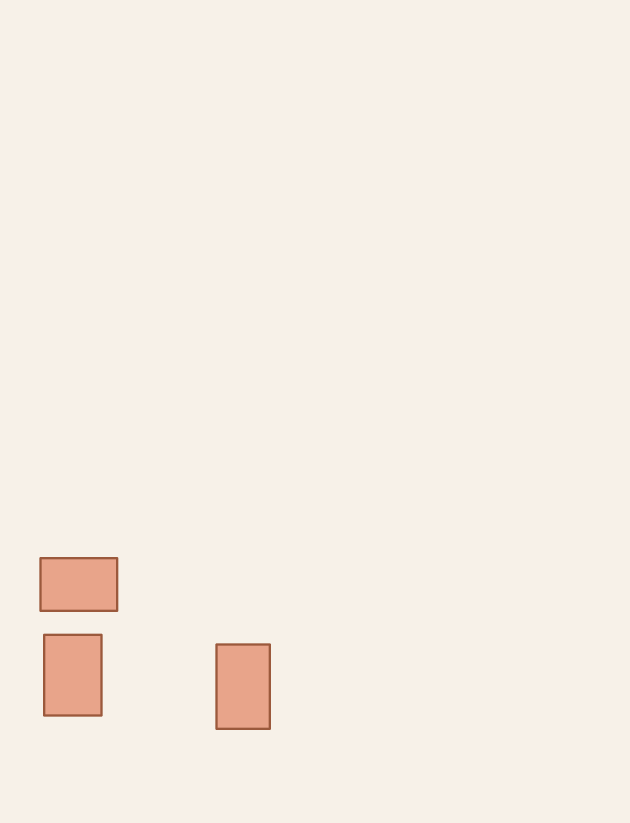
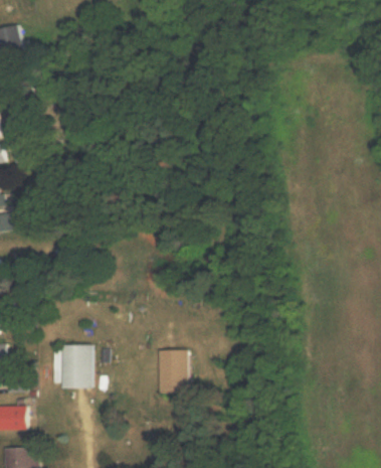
building: [40,558,117,611] -> none

